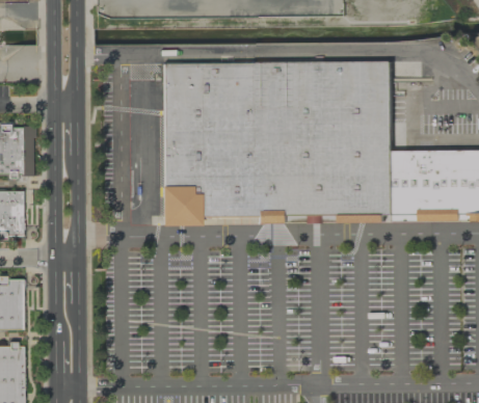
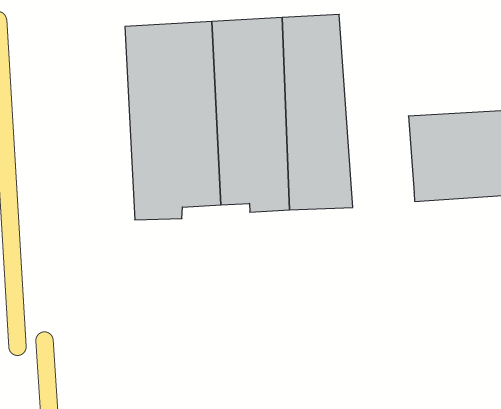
building: [342,63,396,225] -> none

